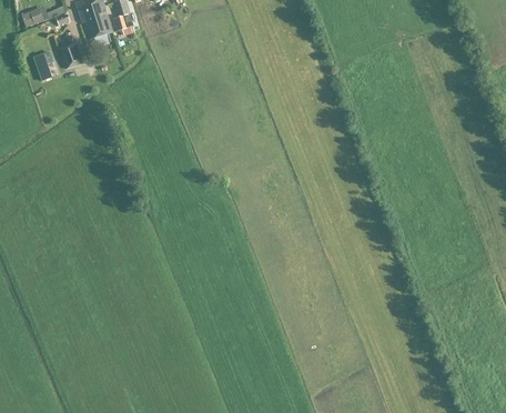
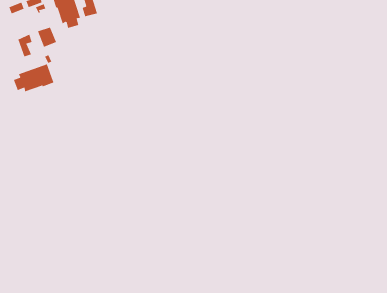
building: none -> [13,64,54,92]

